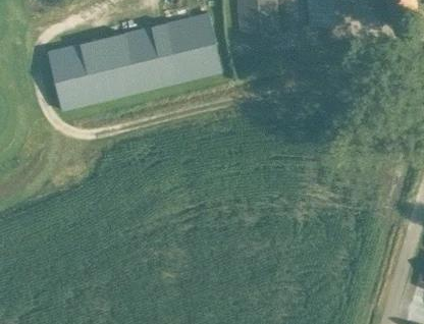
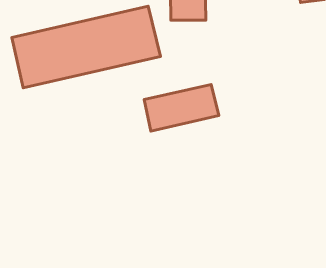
building: none -> [144,84,219,131]

